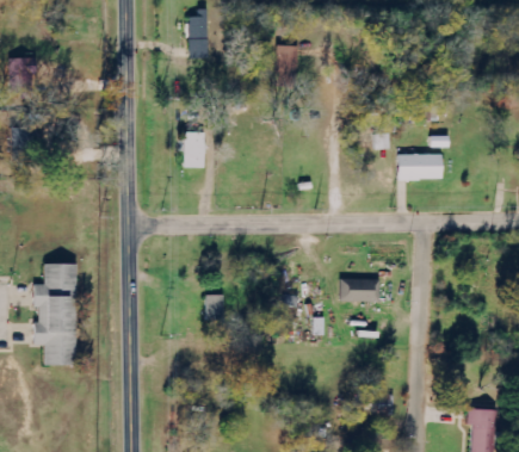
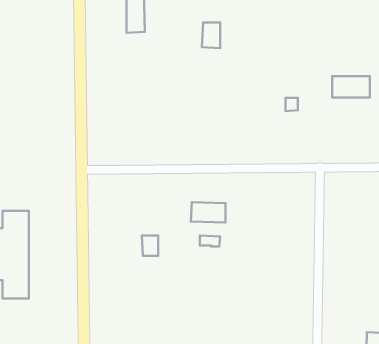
building: [184,129,206,165] -> none
building: [397,151,441,177] -> [332,76,370,97]
building: [340,275,381,299] -> [191,202,225,222]

